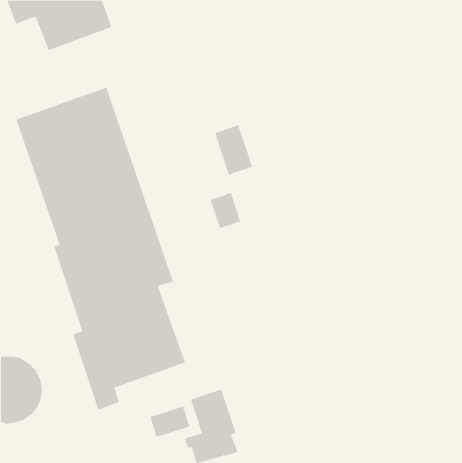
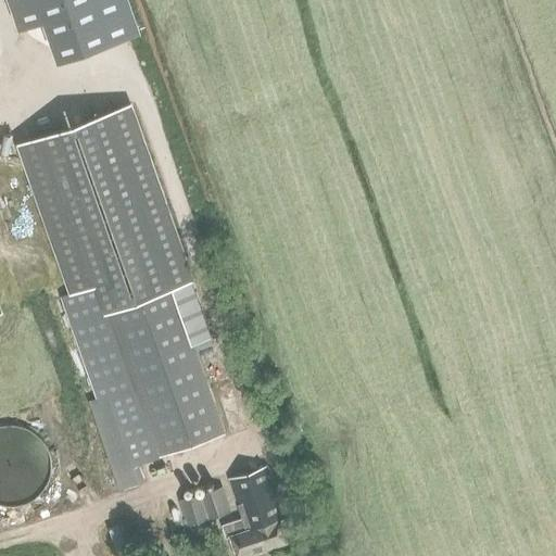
building: [214,124,253,175] -> none
building: [210,192,241,229] -> none

